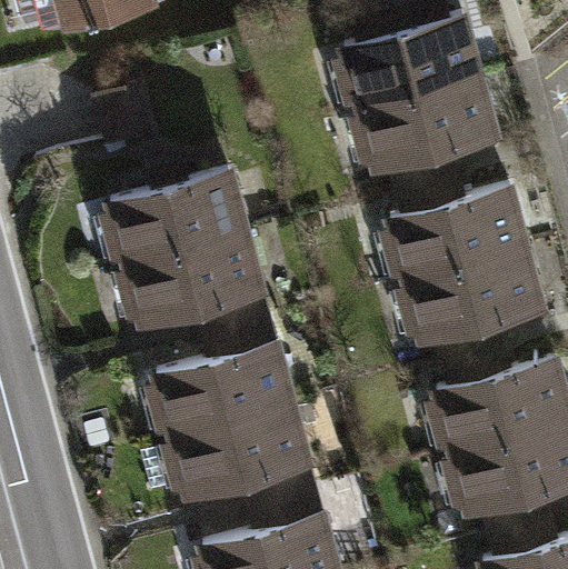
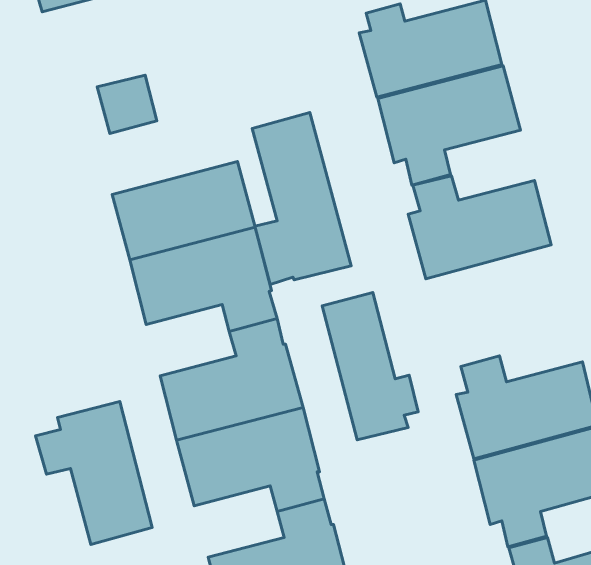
building: none -> [252,113,351,284]
building: [408,252,544,367] -> none
building: none -> [322,292,418,440]
building: none -> [36,402,152,545]

